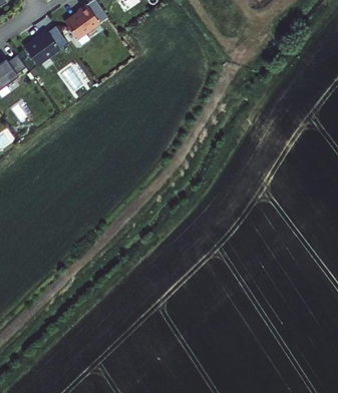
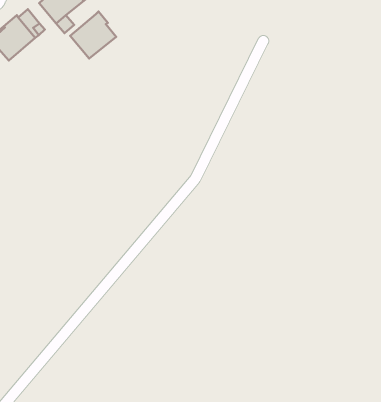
building: none -> [70,12,116,58]

